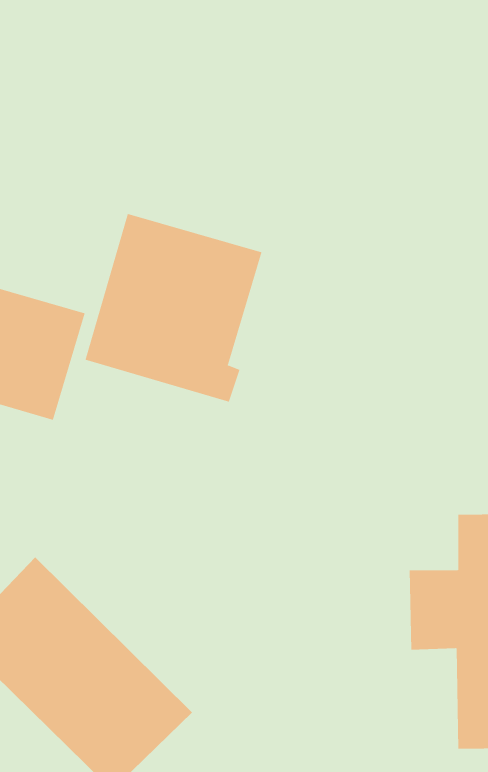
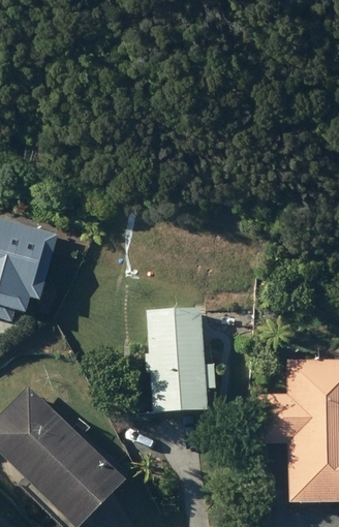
building: [85,213,262,403] -> none
building: none -> [145,305,215,414]

